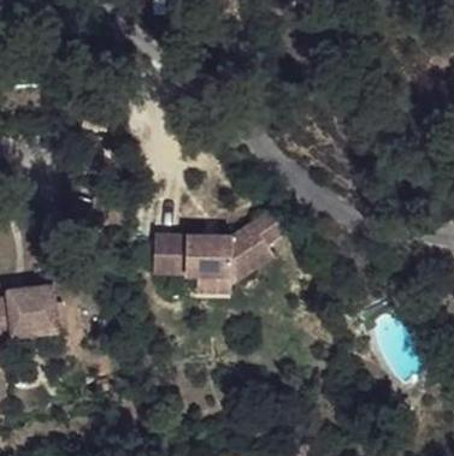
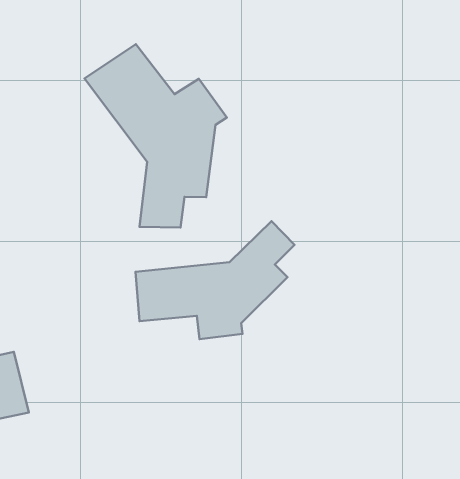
building: none -> [85,44,227,227]

